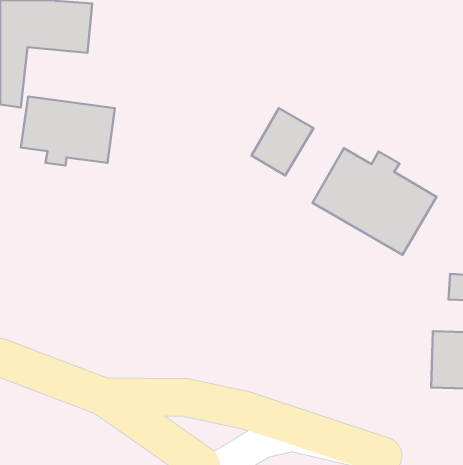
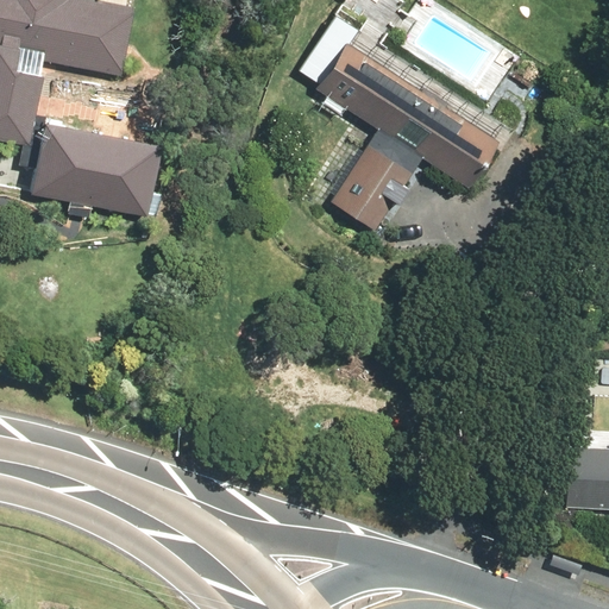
building: none -> [315,26,513,194]
building: [313,148,437,255] -> none

